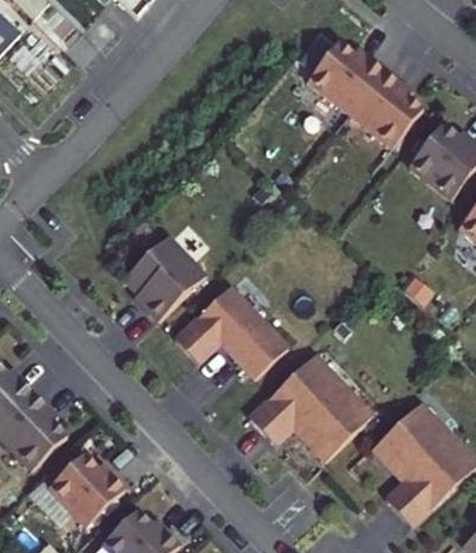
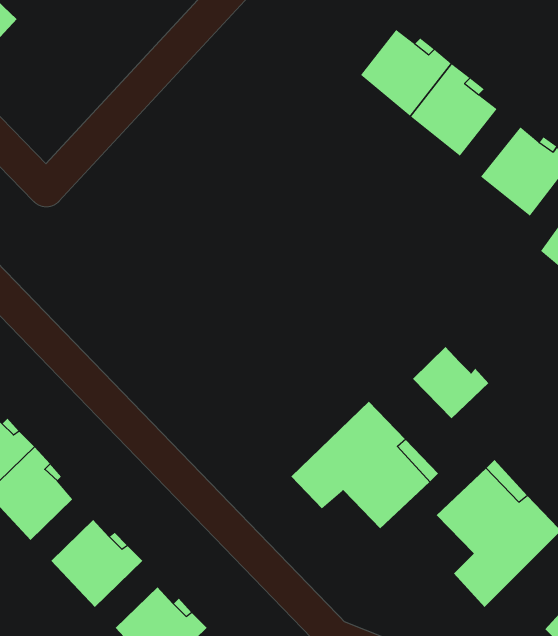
building: [122,235,205,320] -> none
building: [173,284,288,378] -> none
building: none -> [412,346,489,419]

